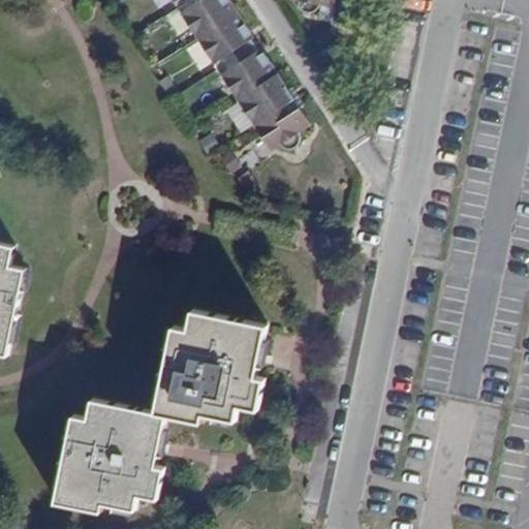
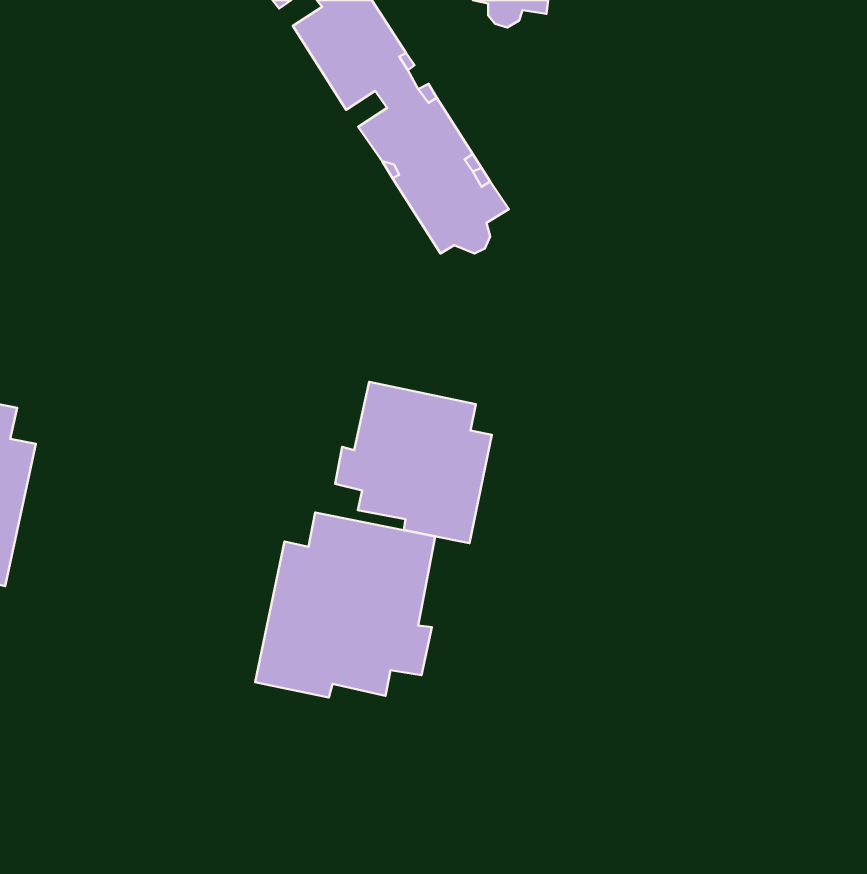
building: none -> [335,382,492,543]
building: [54,400,163,511] -> none

